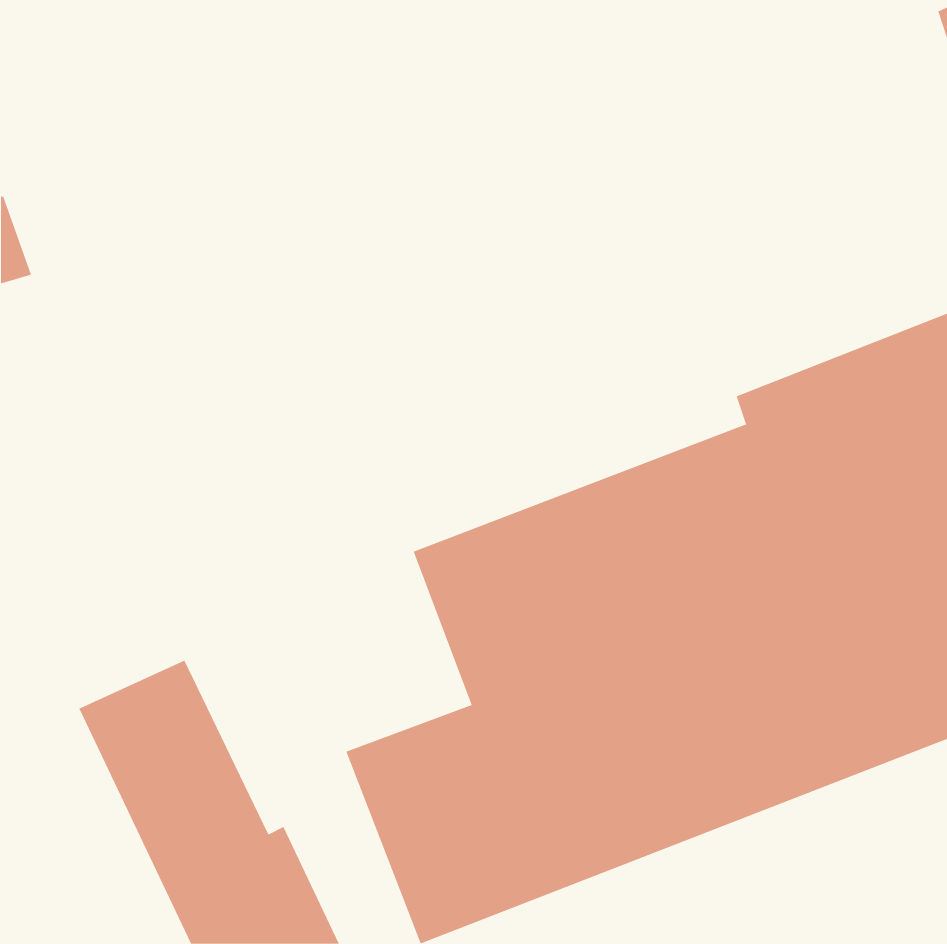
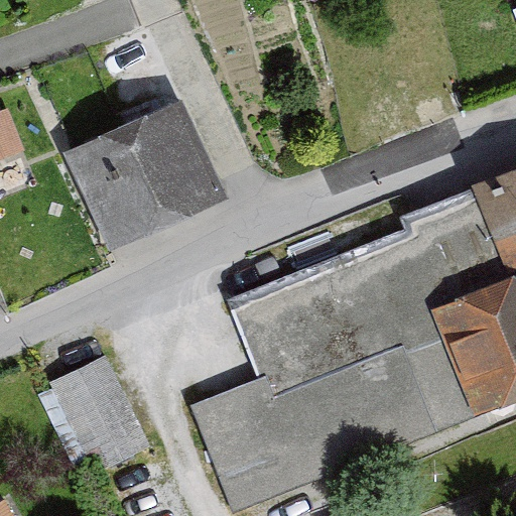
building: none -> [64,98,227,250]

